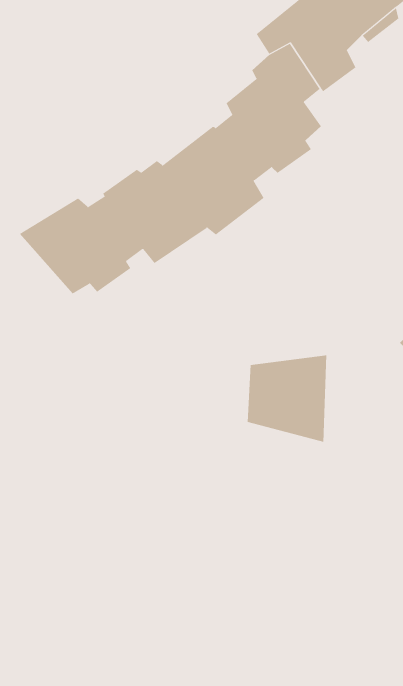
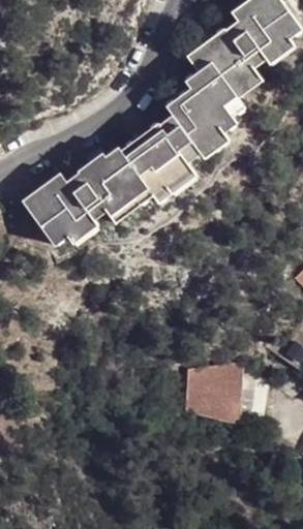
building: [247,355,327,442] -> [183,362,241,425]

